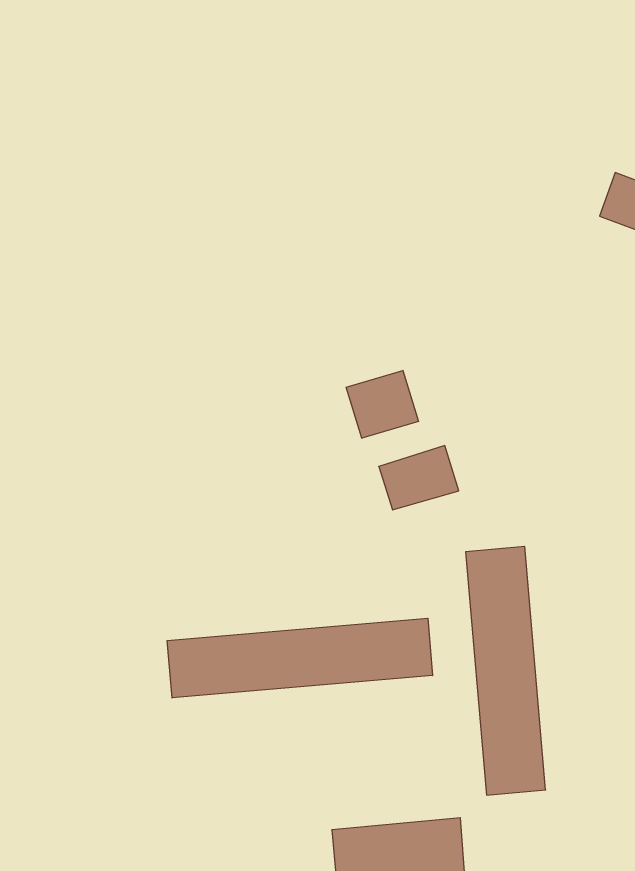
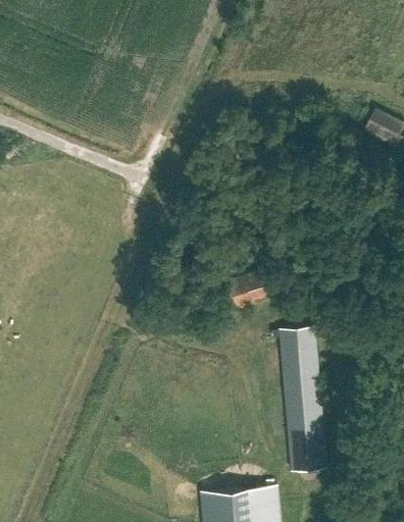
building: [346,370,419,438] -> none
building: [167,618,433,698] -> none

